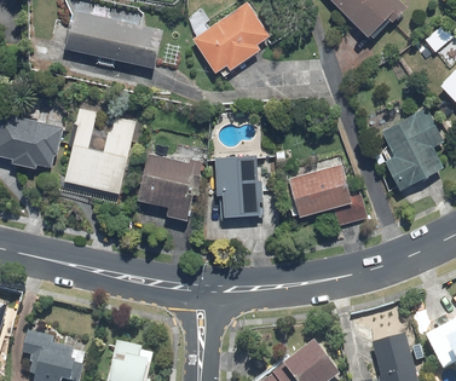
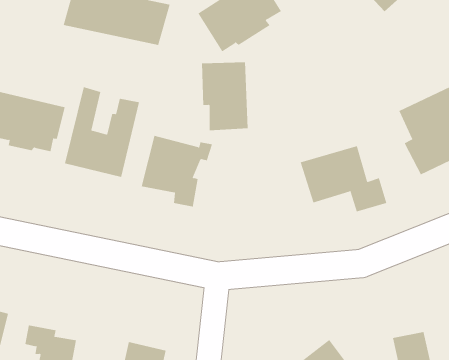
building: [212,154,256,219] -> [201,62,249,131]

